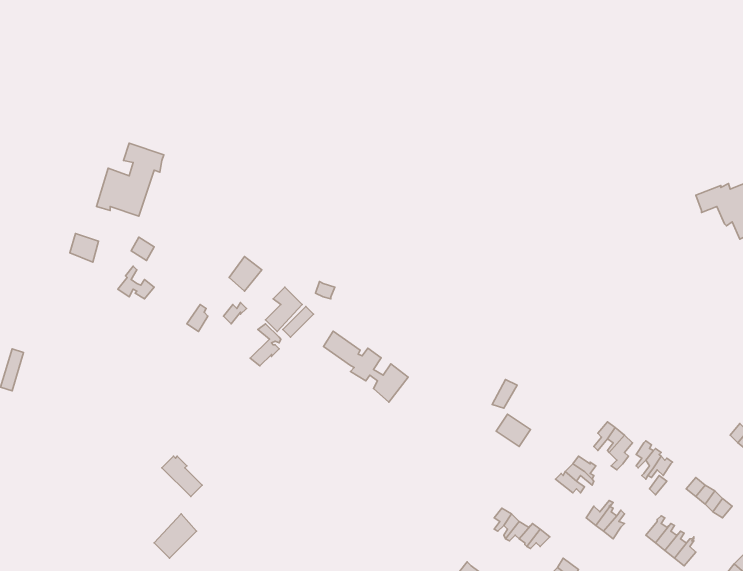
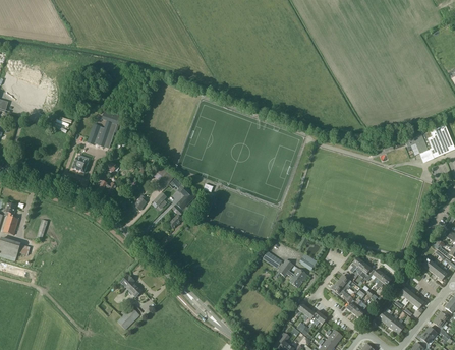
building: [324,331,408,402] -> [263,250,307,288]

